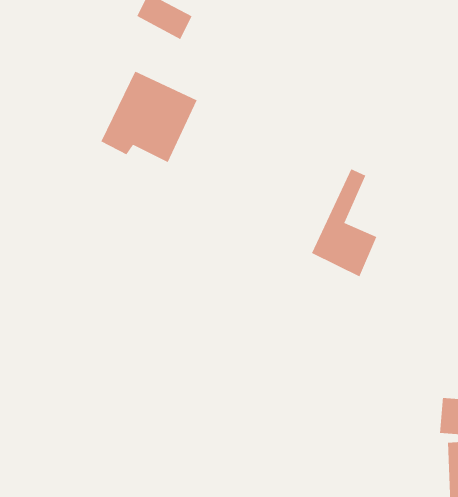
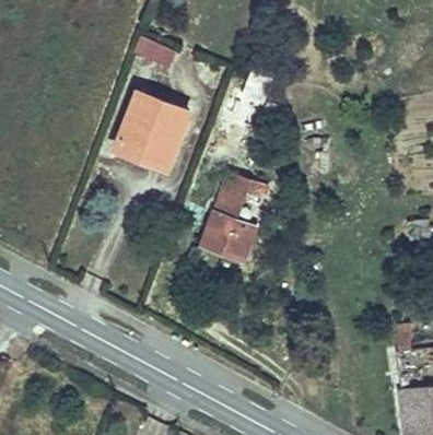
building: [311,169,377,277] -> [209,180,258,262]

